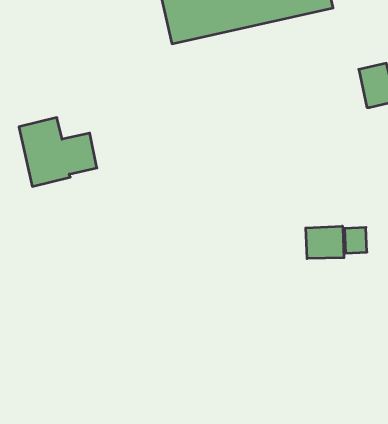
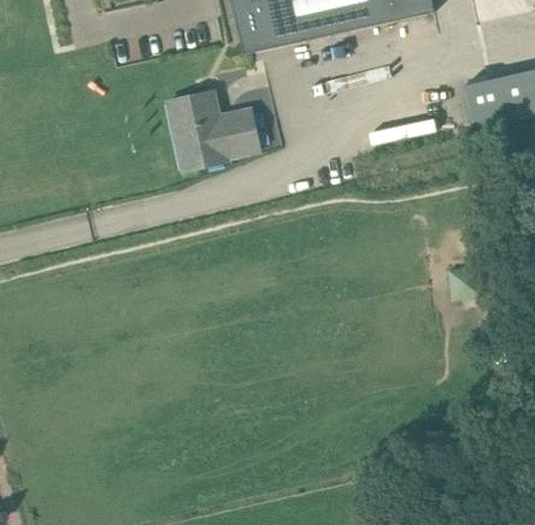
building: [19,118,97,186] -> [167,88,259,169]
building: [306,226,344,259] -> none

